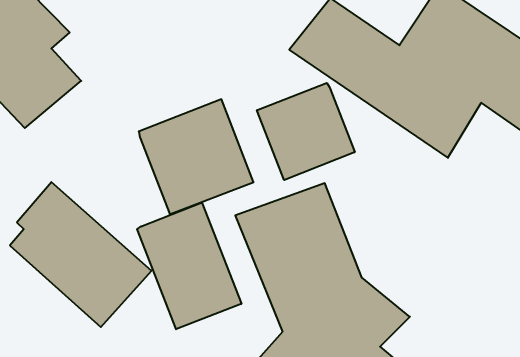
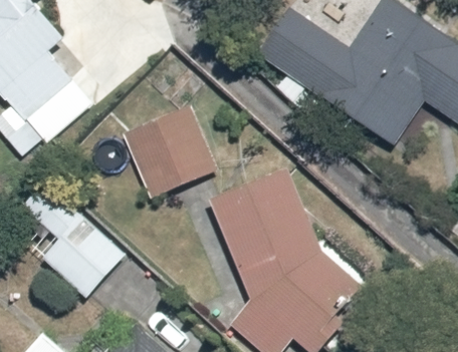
building: [257,83,355,180] -> none
building: [137,203,241,329] -> none

